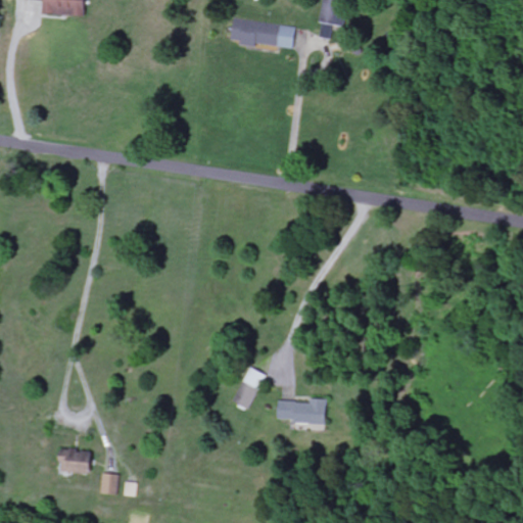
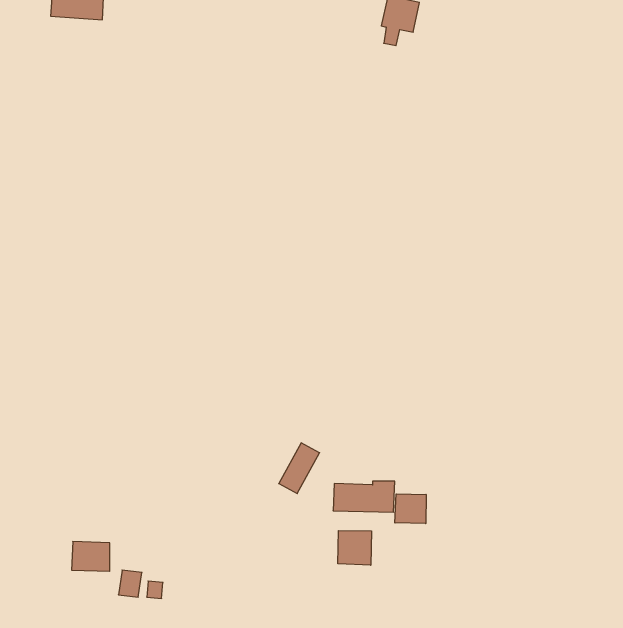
building: [228,16,295,49] -> none
building: none -> [395,494,426,524]
building: none -> [338,531,371,565]

